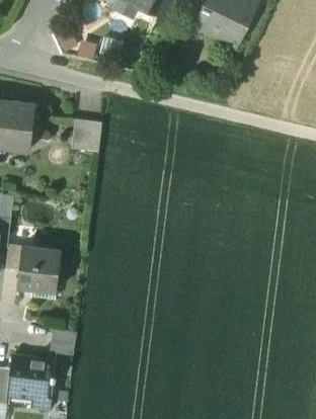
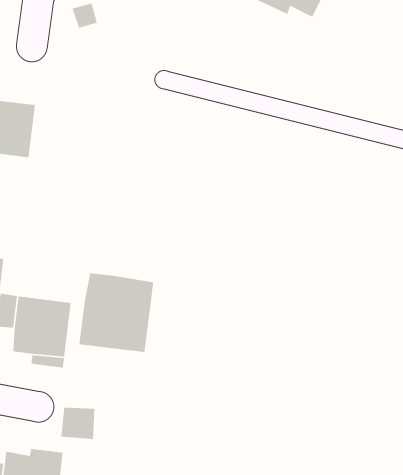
building: [71,121,100,152] -> none
building: none -> [79,272,154,353]

